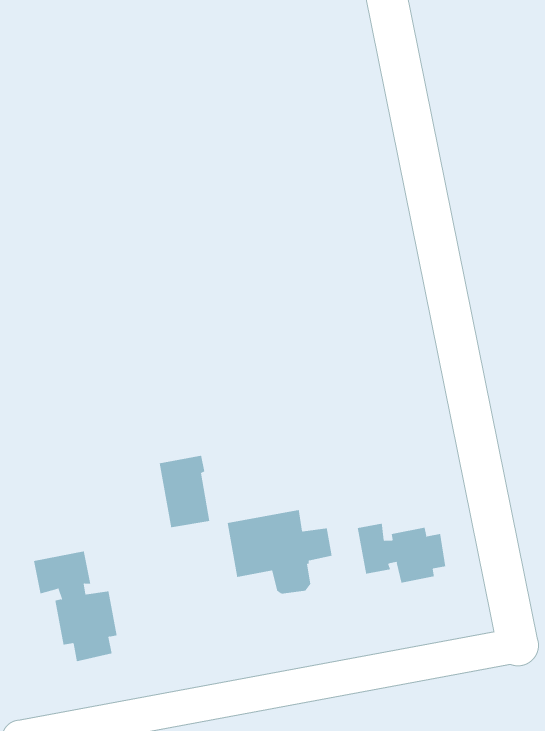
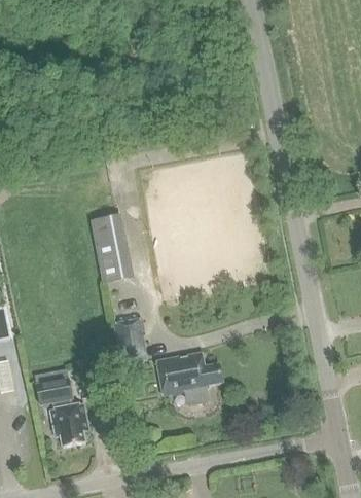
building: none -> [92,215,128,280]
building: [357,523,446,584] -> none

